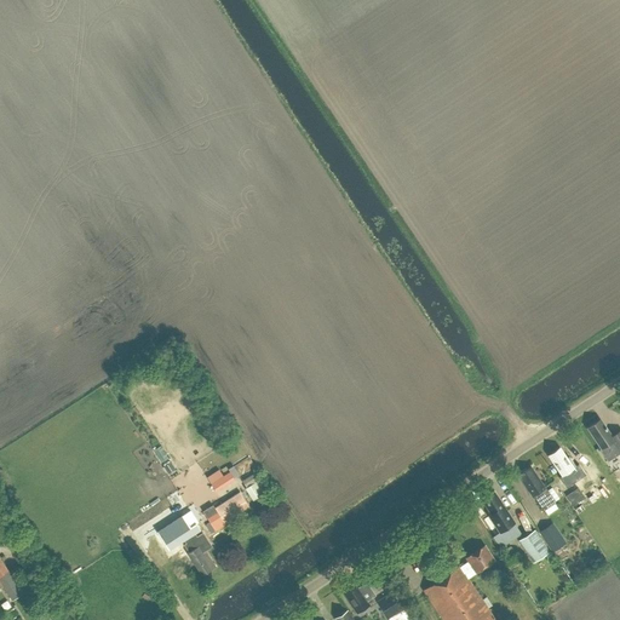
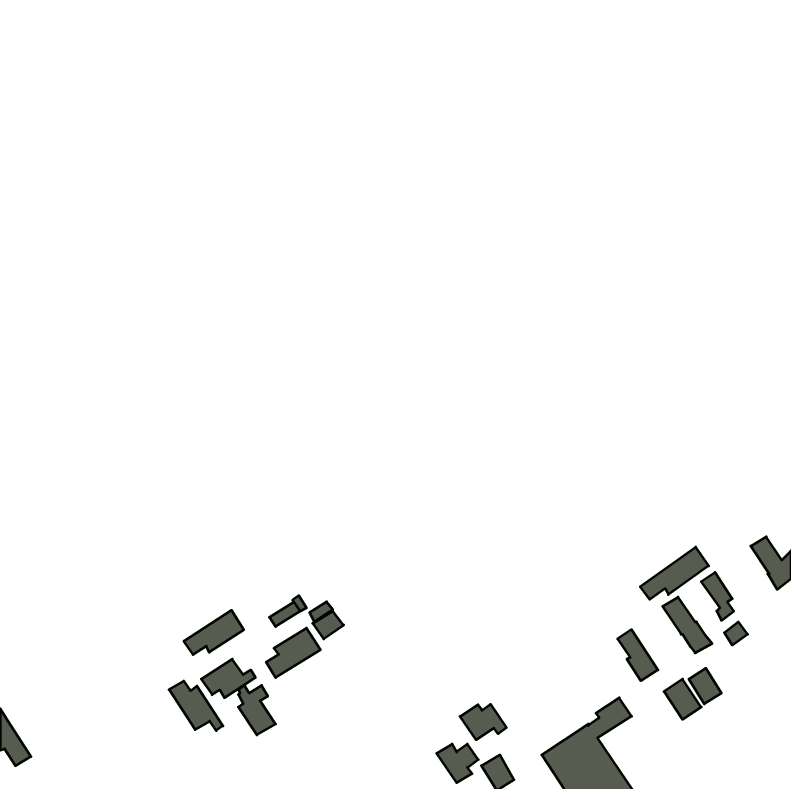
building: none -> [640,547,709,599]
building: none -> [184,610,244,655]
building: none -> [169,681,223,731]
building: none -> [460,704,506,740]

